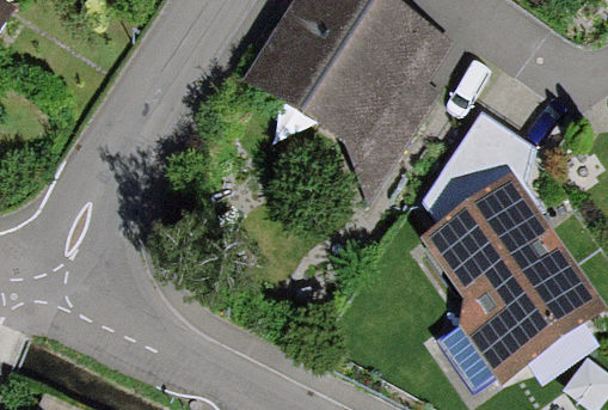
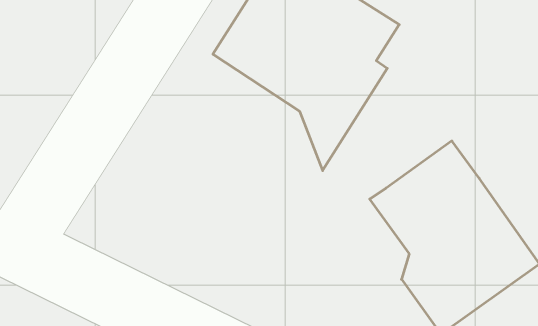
building: [423,111,543,224] -> none

